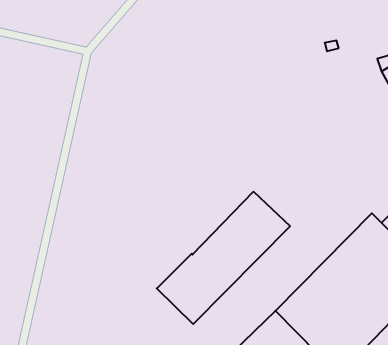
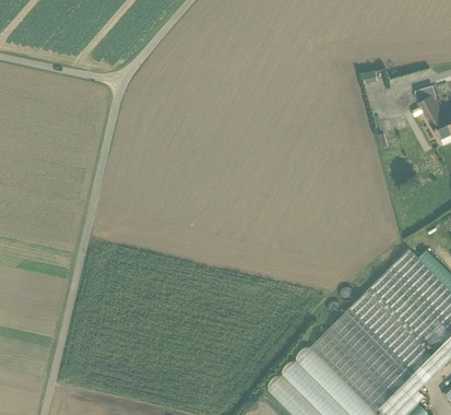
building: [157,192,290,324] -> none

